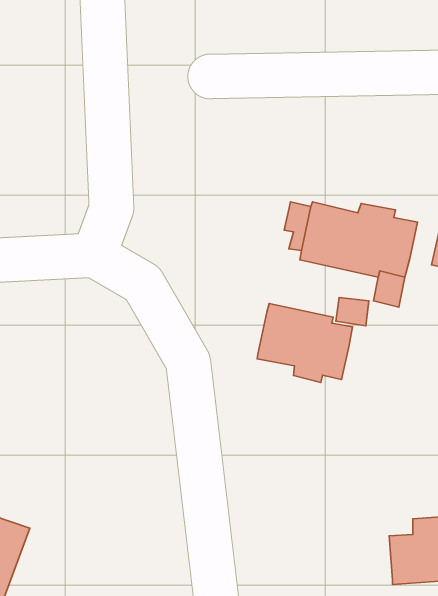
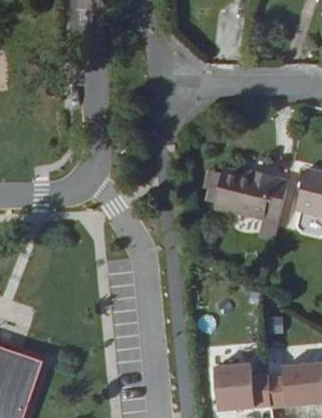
building: [257,303,353,383] -> none
building: none -> [215,361,271,407]

